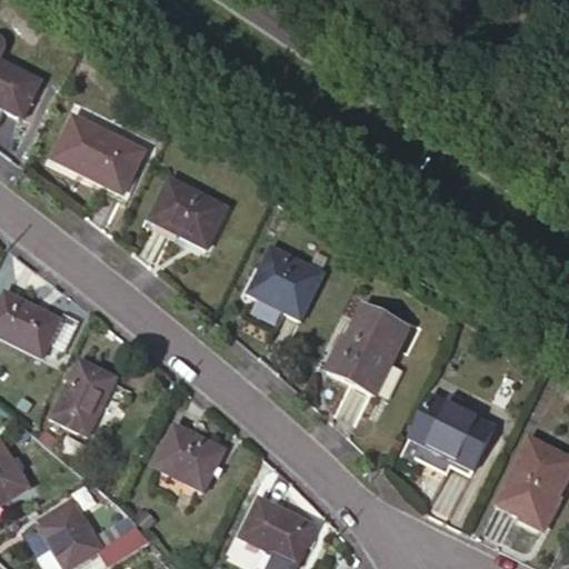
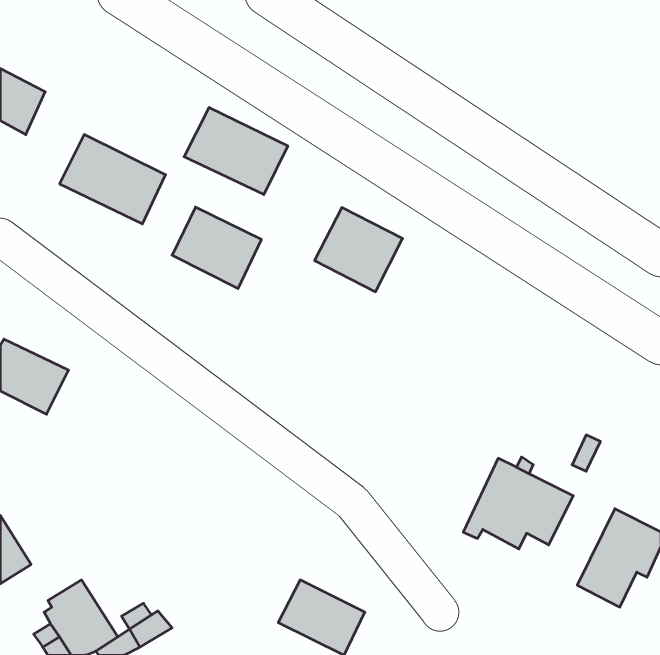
building: none -> [184,107,288,195]
building: [248,246,323,318] -> [315,208,403,292]
building: [327,305,407,393] -> none
building: [51,359,116,435] -> none
building: [153,423,224,490] -> none

